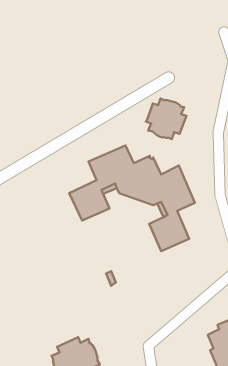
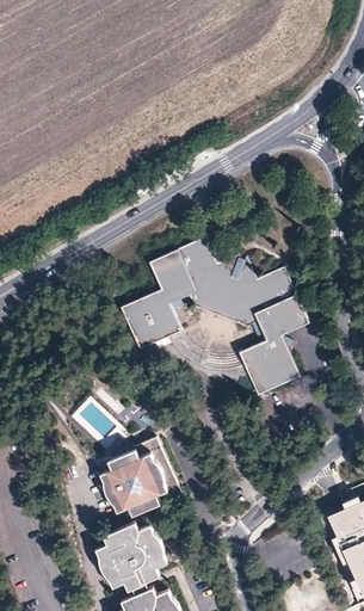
building: [146,98,186,139] -> none
building: none -> [100,436,181,514]

